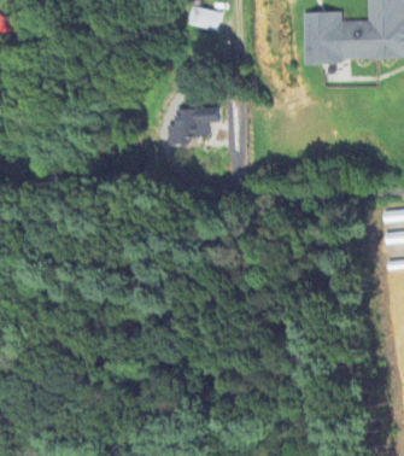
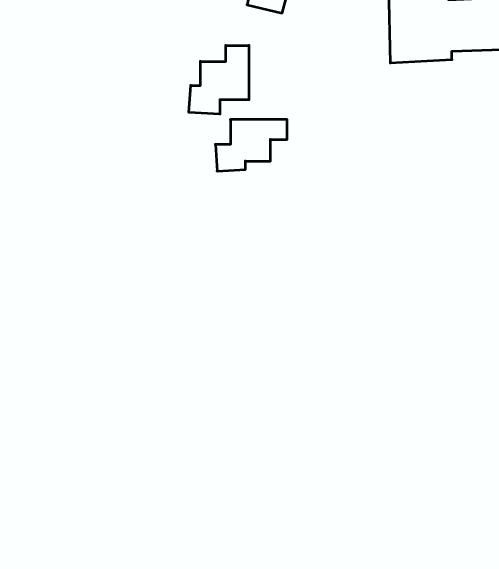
building: none -> [189,45,249,114]

